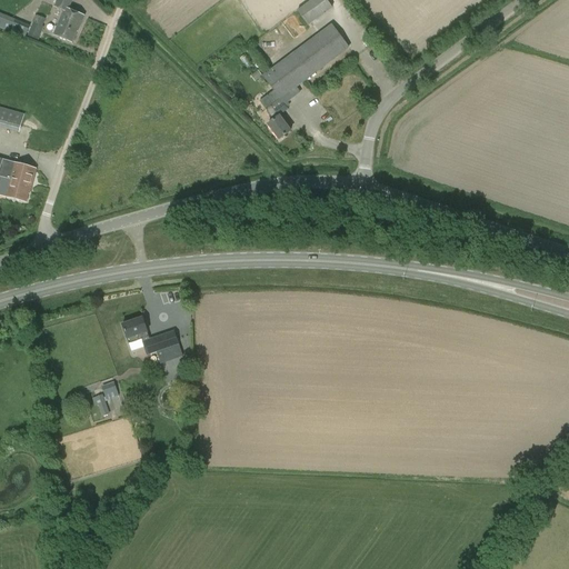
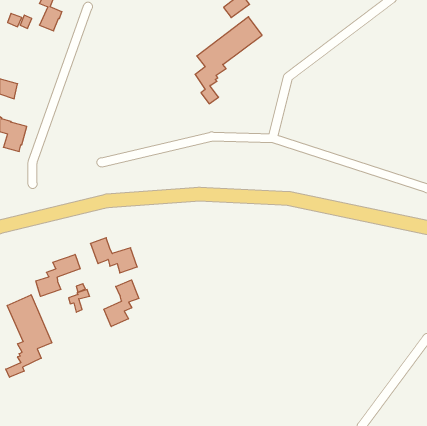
building: none -> [36,254,80,296]
building: none -> [104,280,139,327]
building: none -> [6,295,52,377]

